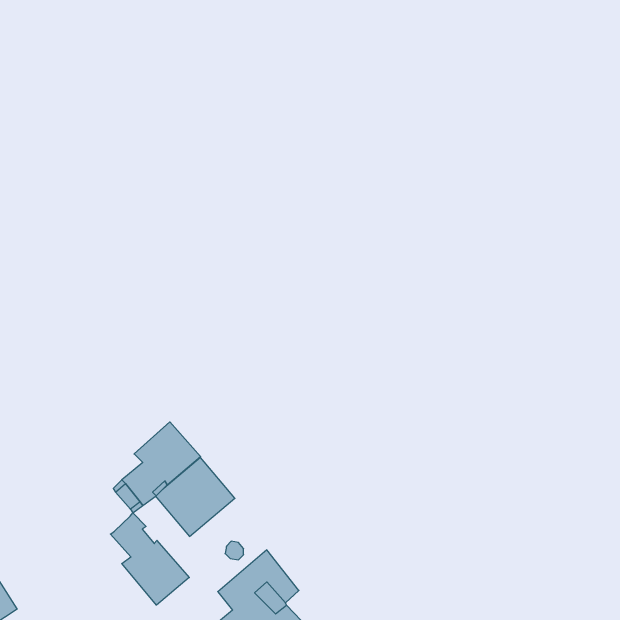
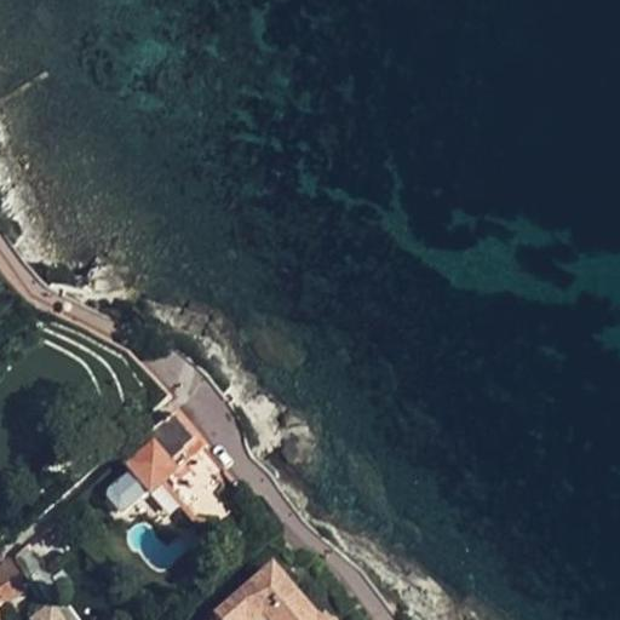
building: [110,513,189,605] -> none

